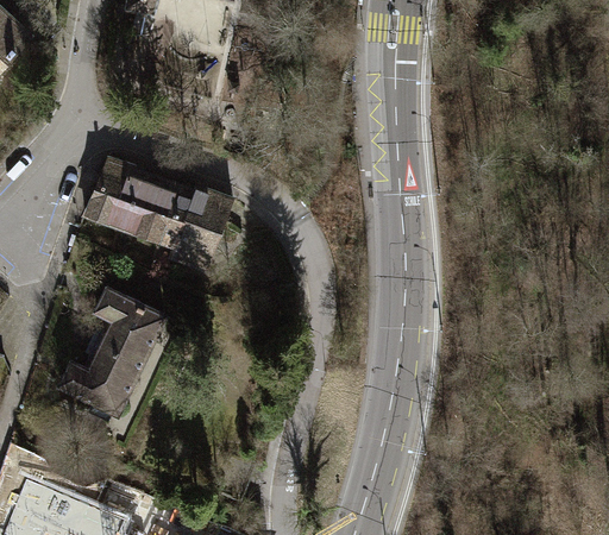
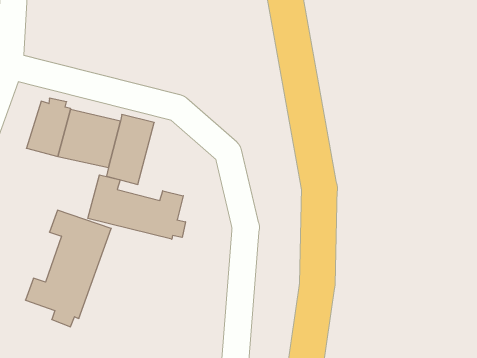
building: none -> [88,175,185,239]

